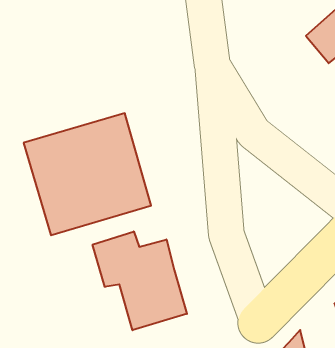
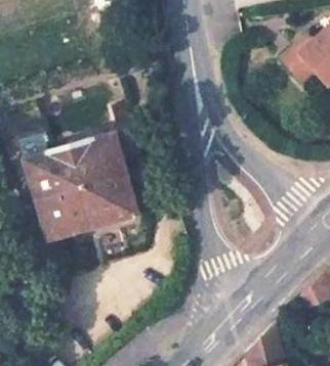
building: [93,231,187,330] -> none

